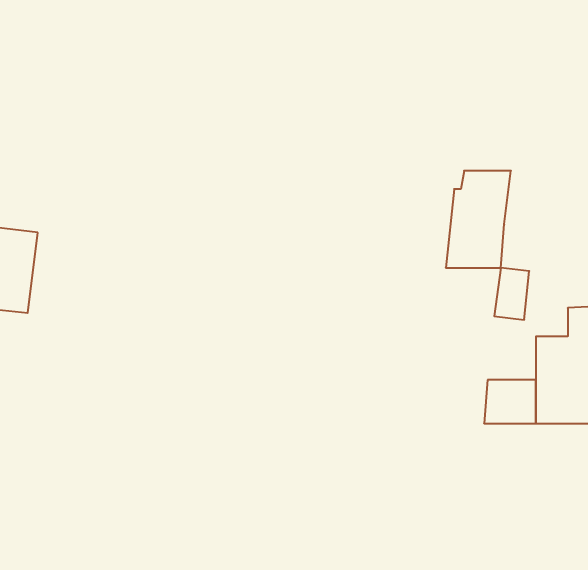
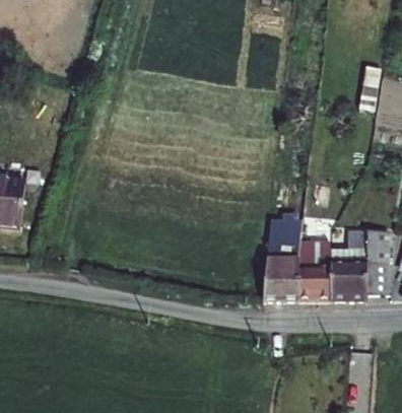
building: [446,171,511,268] -> [263,239,303,298]

